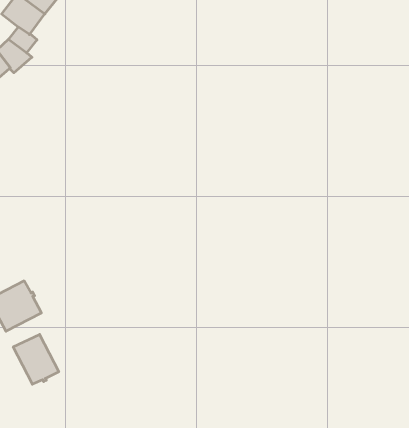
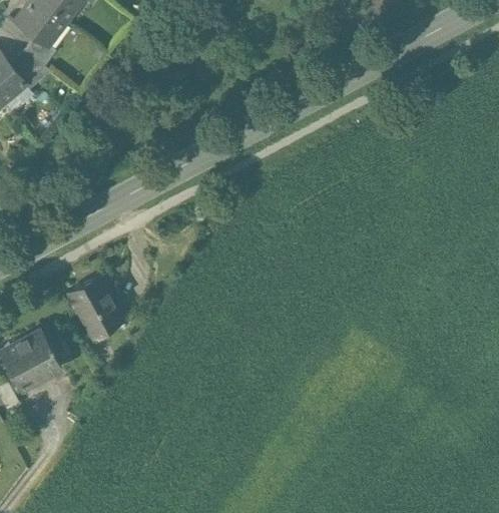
building: none -> [68,278,124,345]
building: [13,334,59,384] -> none

